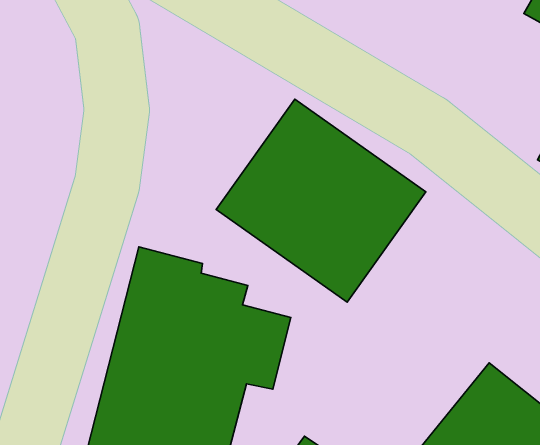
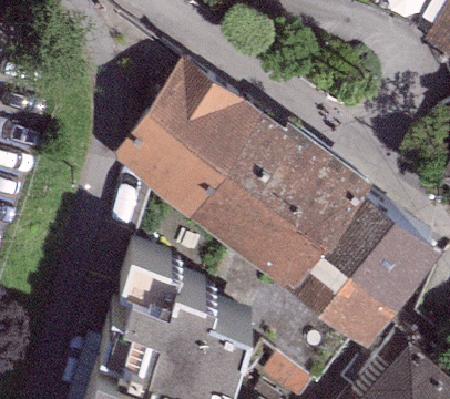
building: none -> [115,69,250,208]
building: none -> [293,194,422,330]

